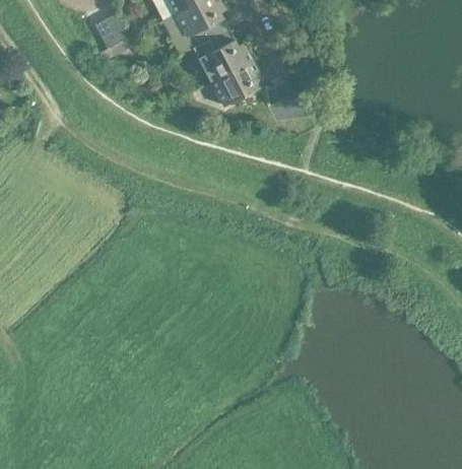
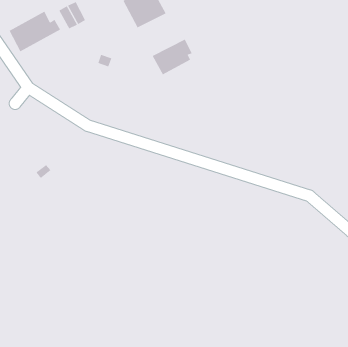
building: none -> [9,11,61,52]
building: [192,28,252,81] -> none

